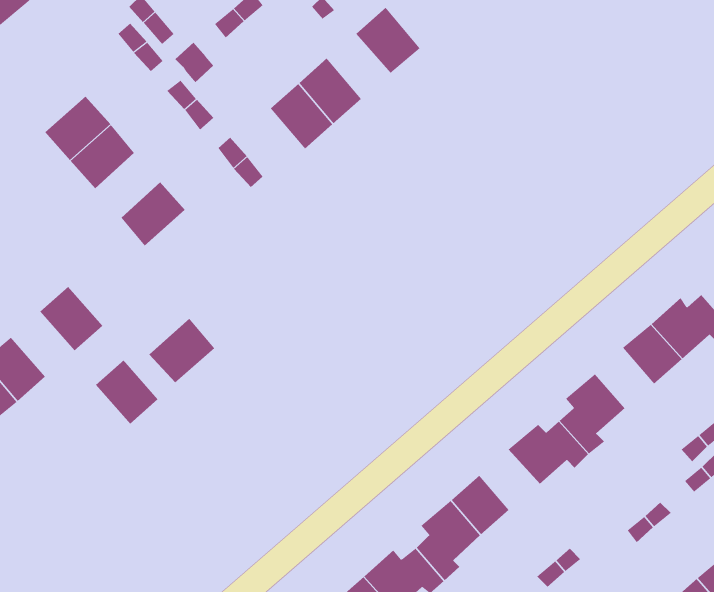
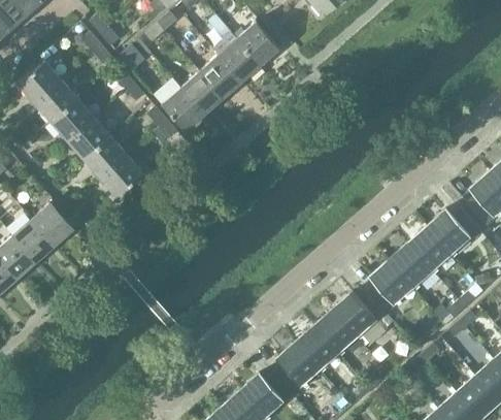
building: none -> [218,39,259,82]
building: none -> [18,60,61,103]
building: none -> [161,88,203,131]
building: none -> [67,117,109,159]
building: [148,318,215,383] -> [99,154,142,196]
building: none -> [392,244,430,283]
building: [95,359,159,425] -> [12,220,54,262]
building: none -> [316,310,356,349]

